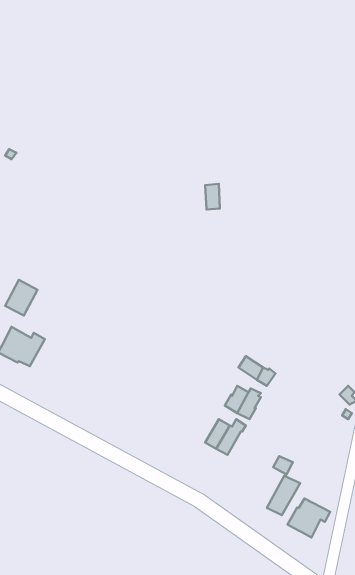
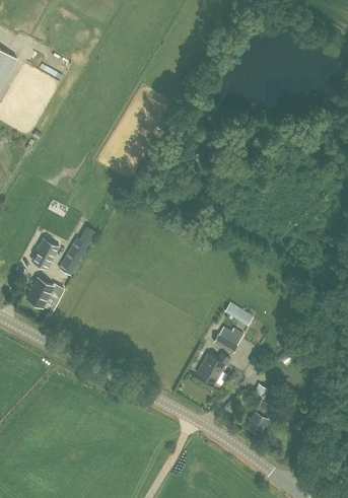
building: none -> [58,228,94,276]
building: [287,499,330,538] -> none

